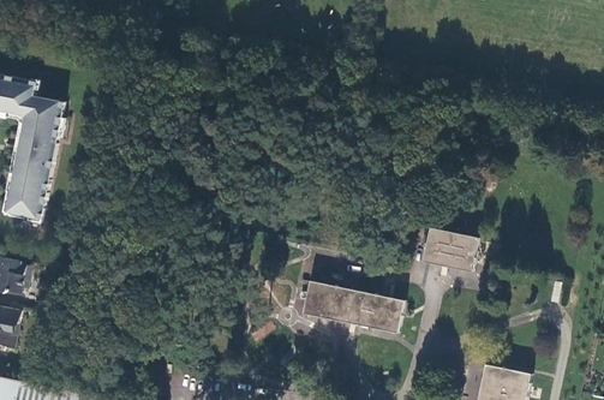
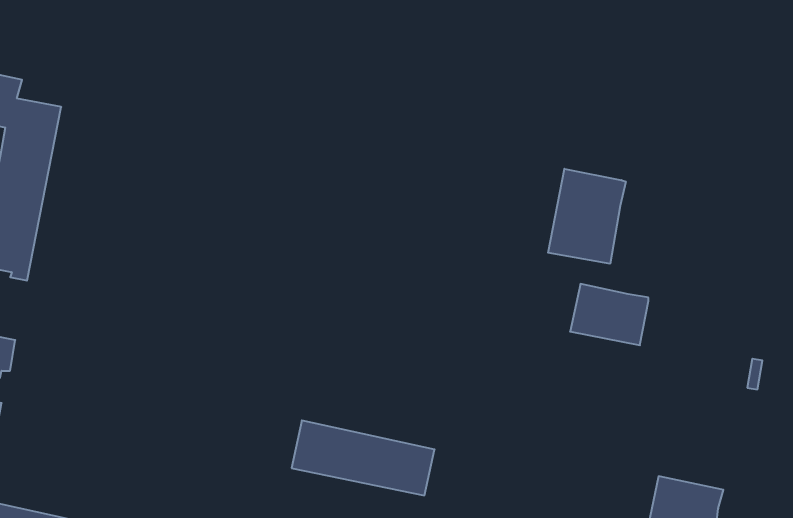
building: none -> [548,169,626,264]
building: [303,279,403,332] -> [292,420,435,495]

